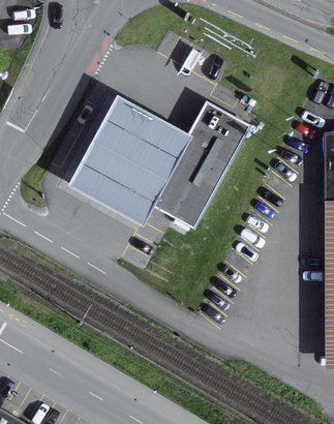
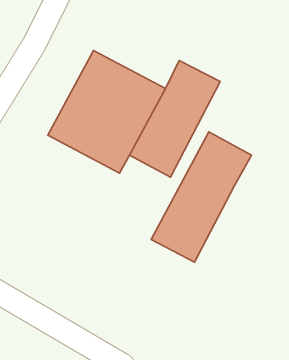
building: none -> [151,132,252,262]

